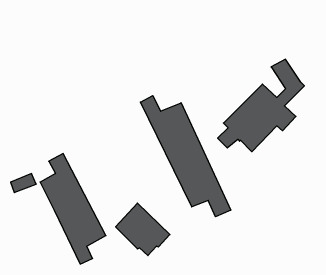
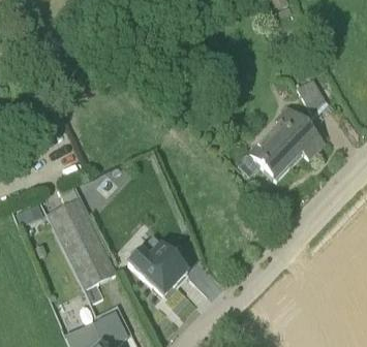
building: [140,96,231,217] -> none

